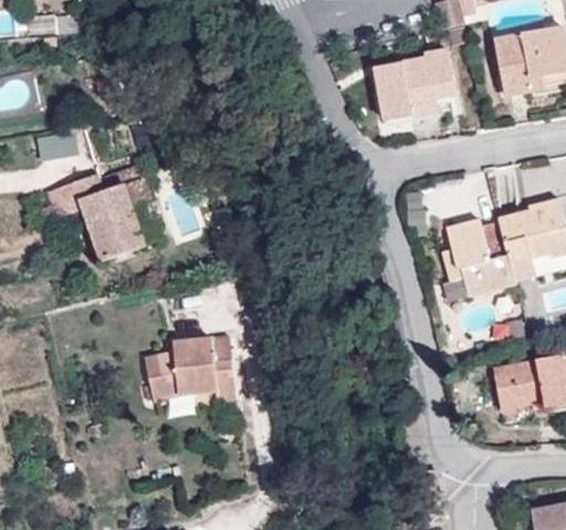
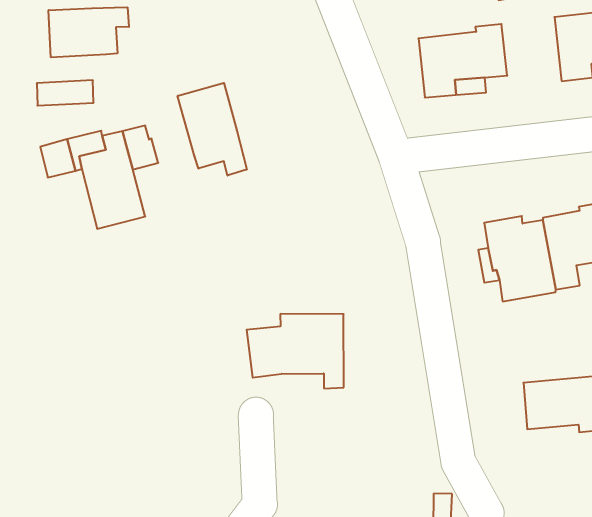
building: none -> [49,7,129,57]
building: none -> [178,83,247,176]
building: [145,336,235,404] -> [247,314,344,388]

